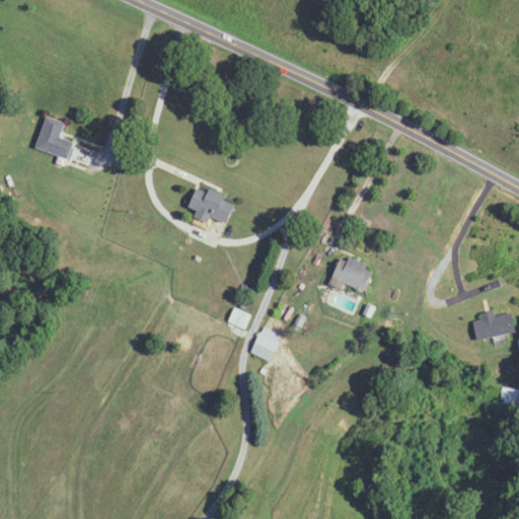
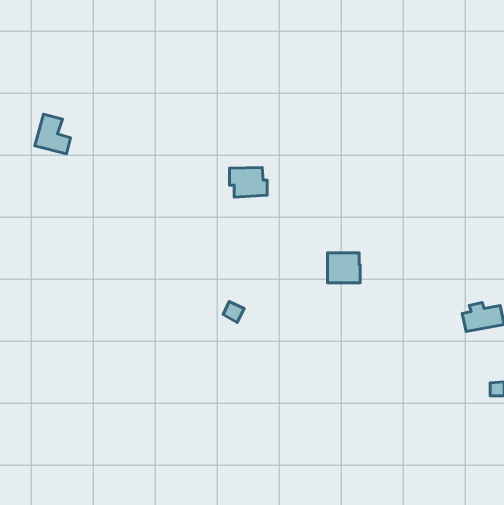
building: [193,190,231,220] -> [229,167,267,197]
building: [250,326,282,361] -> none

